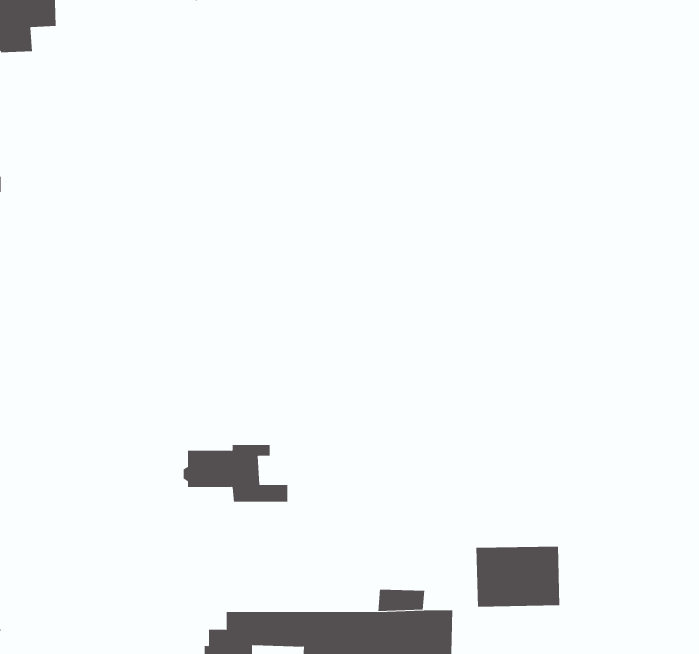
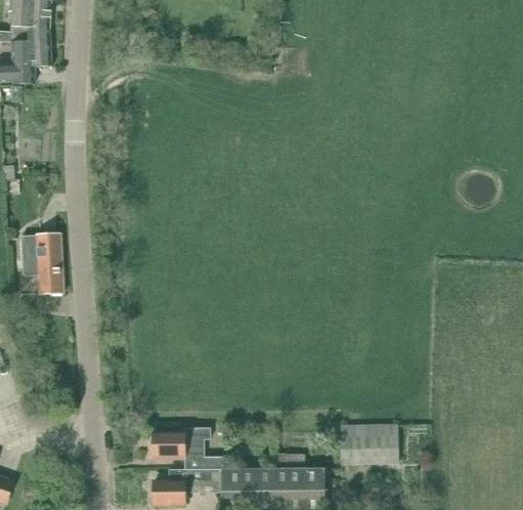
building: none -> [23,232,62,292]
building: [183,444,288,502] -> [149,427,222,467]

